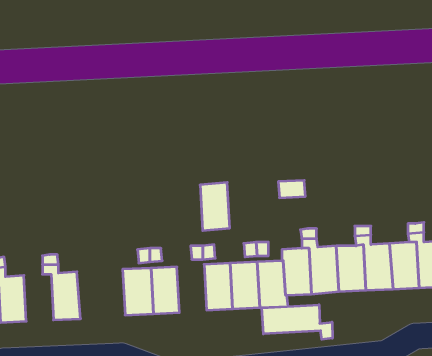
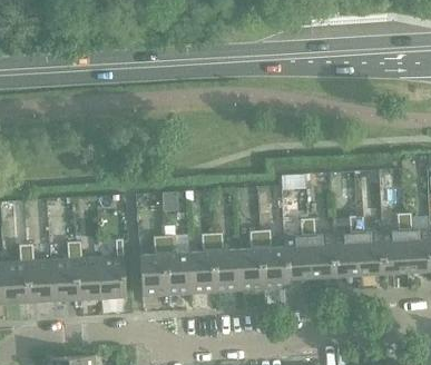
building: [200,182,230,231] -> [187,249,214,293]
building: none -> [97,238,125,298]
building: none -> [49,258,76,300]
building: [262,305,332,339] -> none

